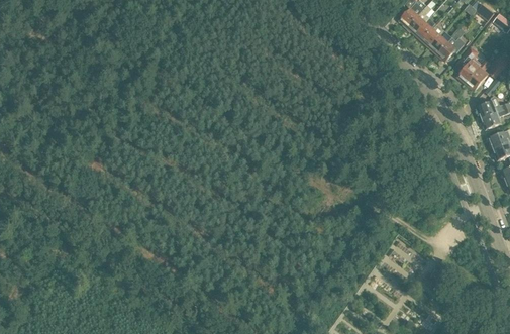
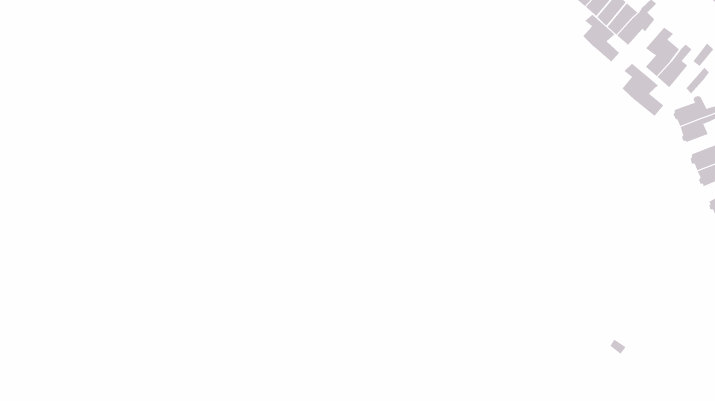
building: none -> [582,14,620,62]
building: none -> [622,63,664,117]

